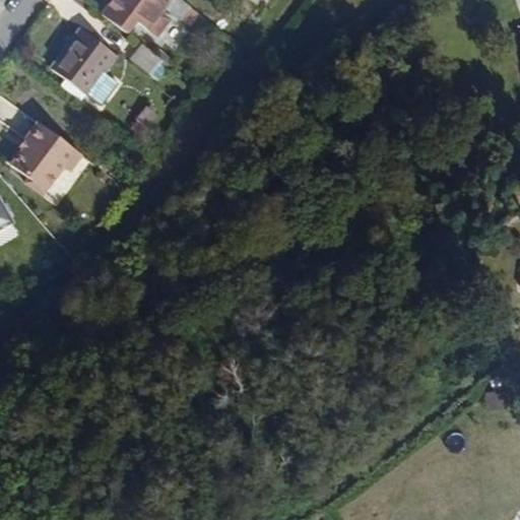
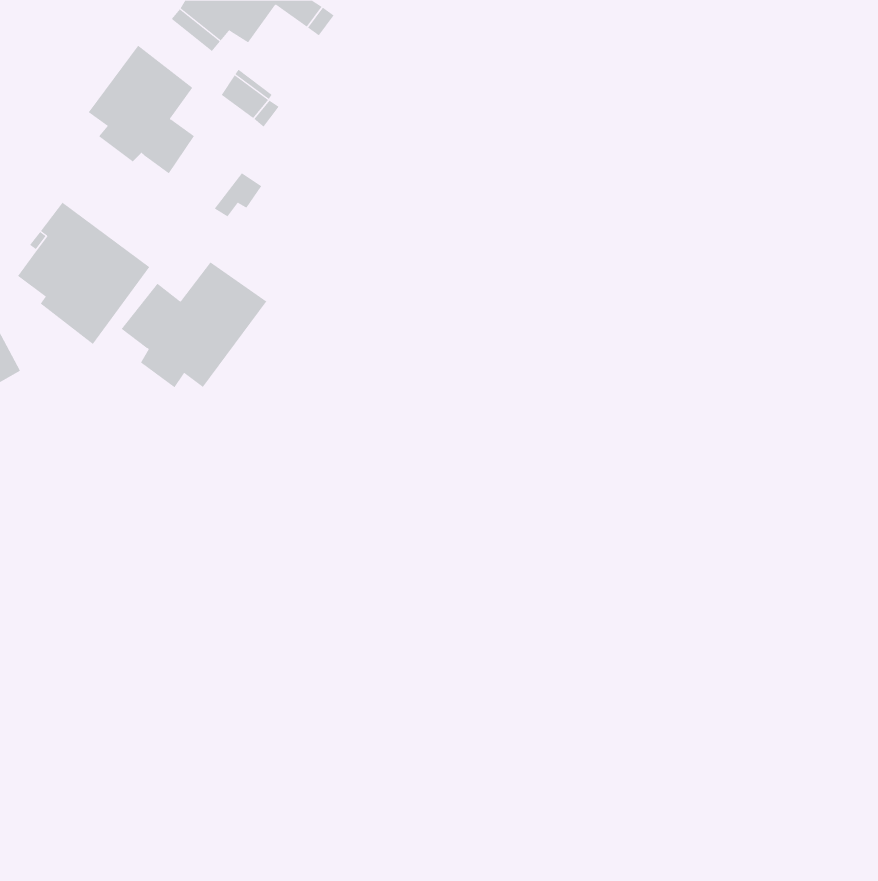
building: none -> [121,262,267,388]

